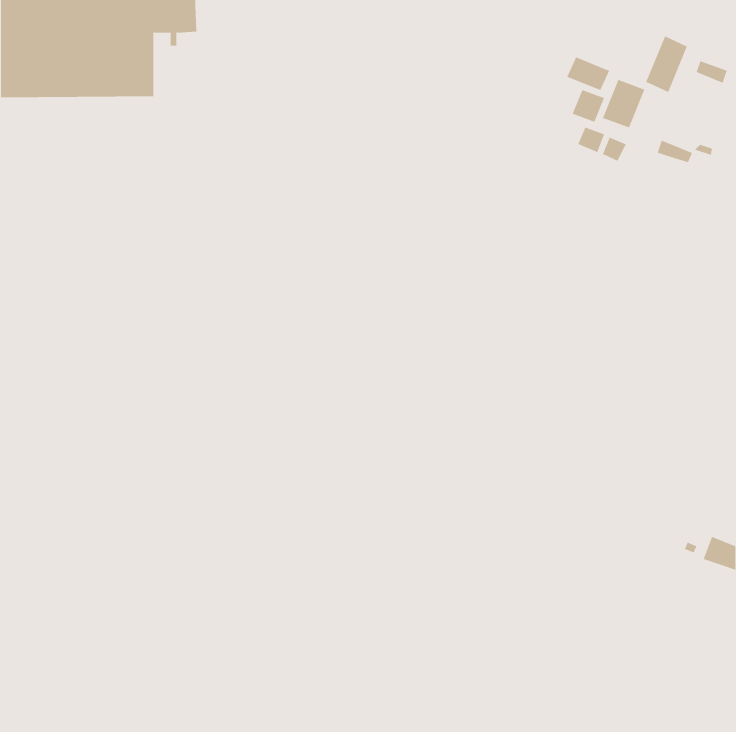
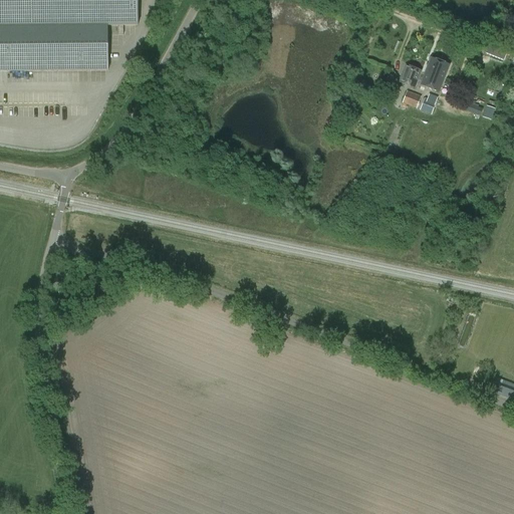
building: [646,36,688,93] -> none
building: [567,56,610,91] -> none

